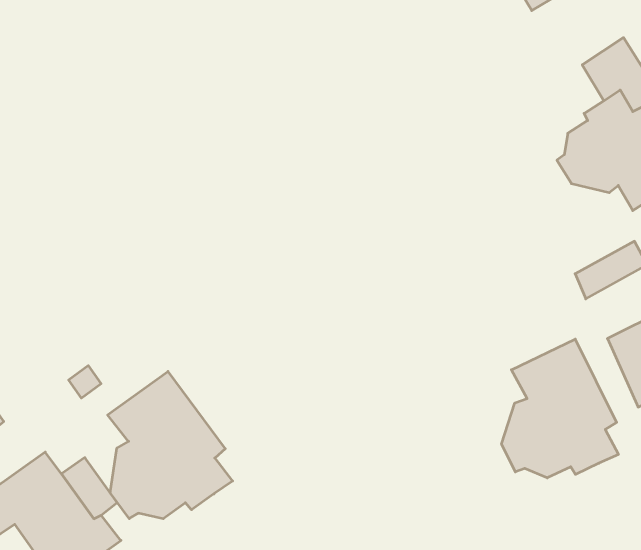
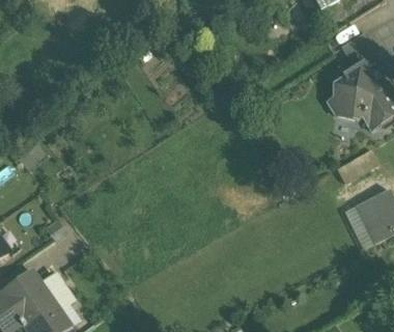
building: [502,339,618,478] -> none
building: [108,371,233,519] -> none

